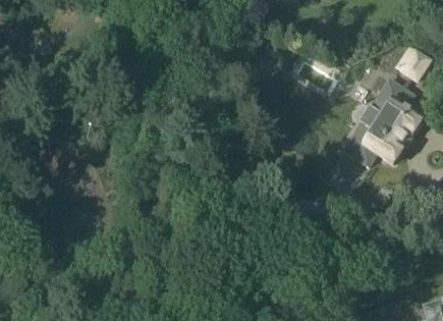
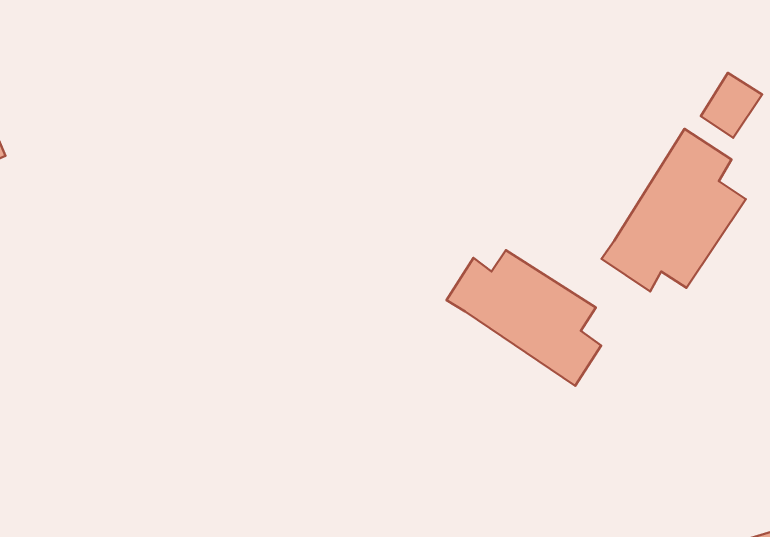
building: none -> [446,250,601,386]

